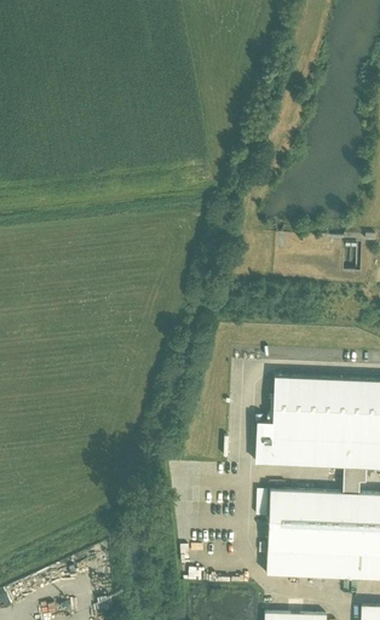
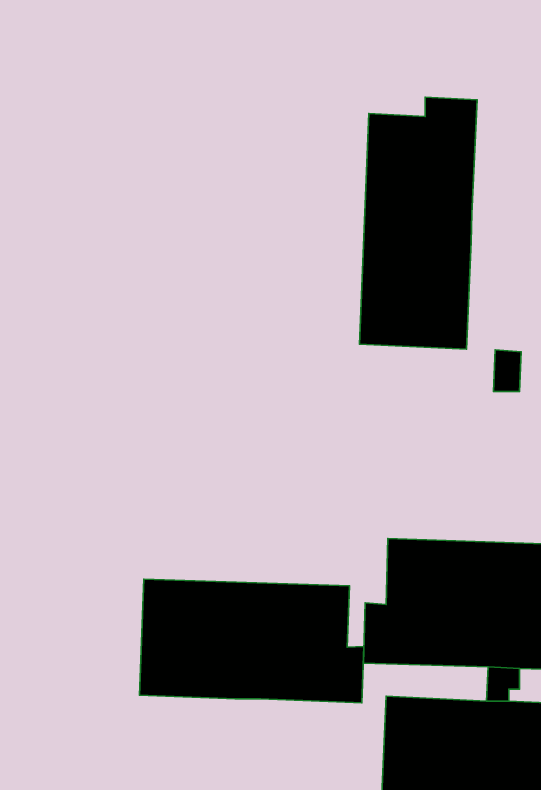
building: none -> [359,97,477,349]
building: none -> [139,579,364,703]

